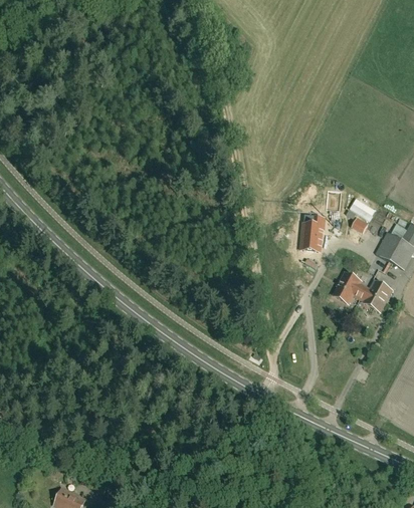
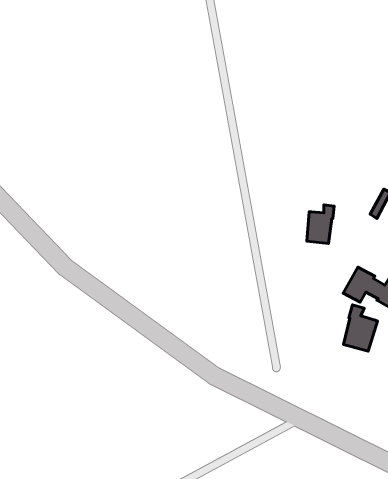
building: none -> [344,305,378,351]

